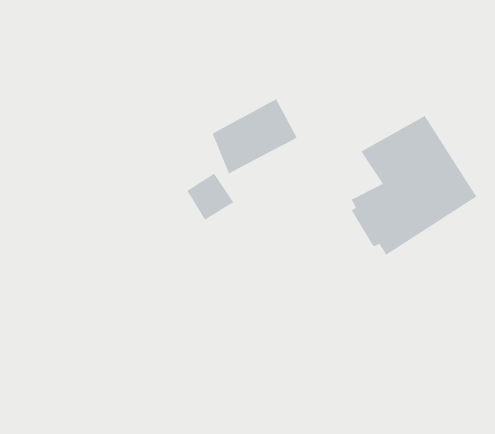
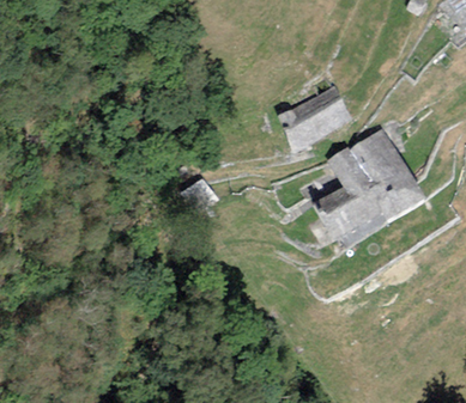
building: [212,98,297,174] -> [279,86,352,151]

